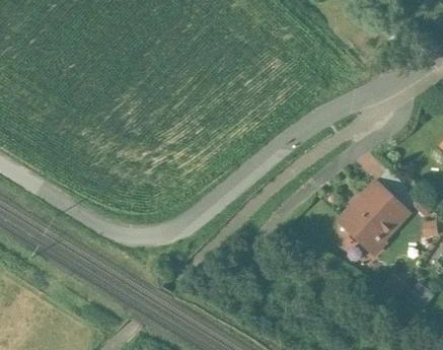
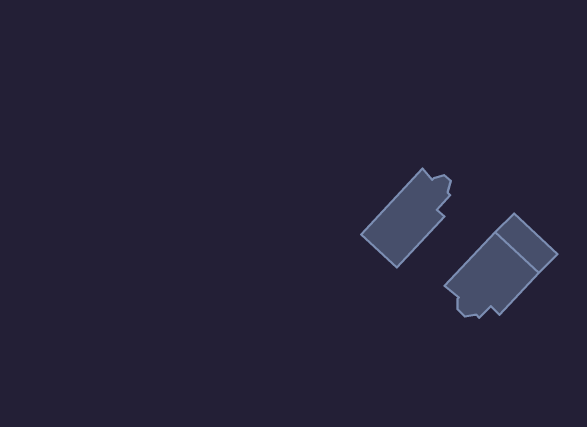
building: none -> [361,168,451,268]

